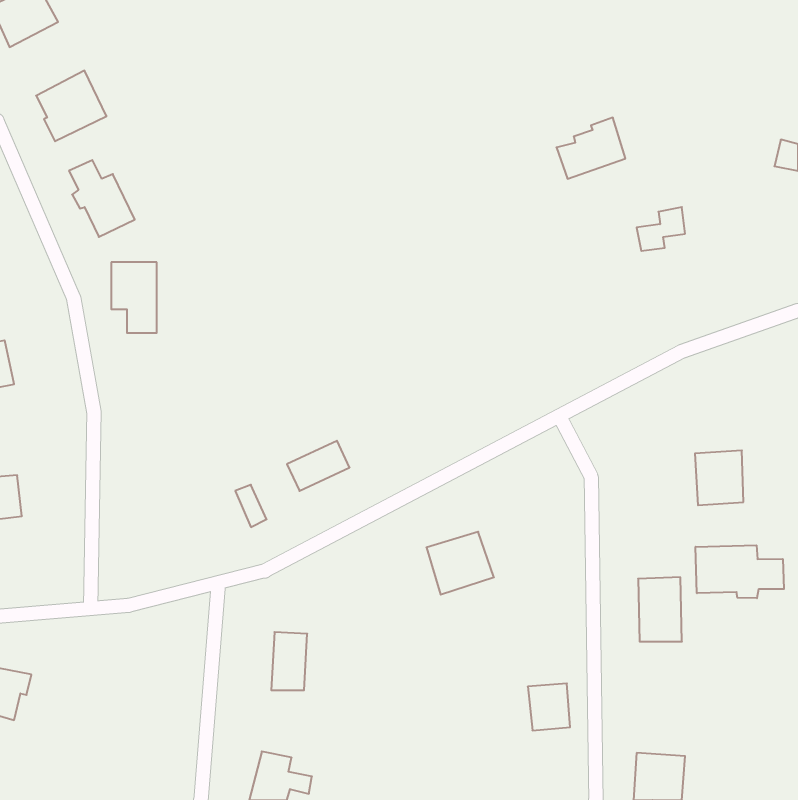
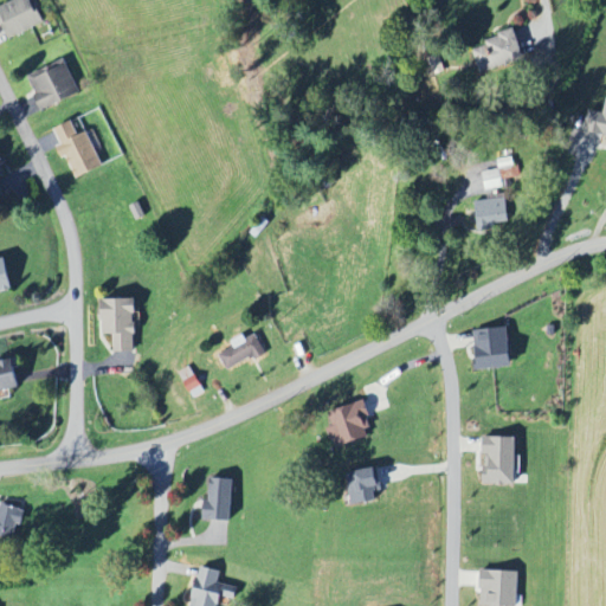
building: [556,118,625,179] -> [472,22,524,69]
building: none -> [475,188,509,226]
building: [111,262,157,333] -> [99,298,134,352]
building: [695,450,743,505] -> [472,328,509,369]
building: [696,545,784,598] -> none
building: [528,683,570,730] -> [346,469,378,504]

